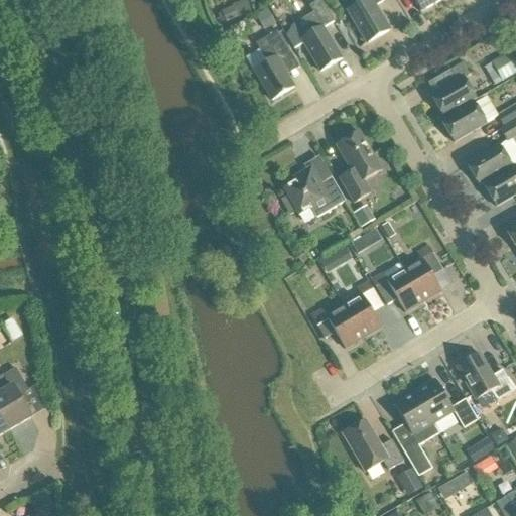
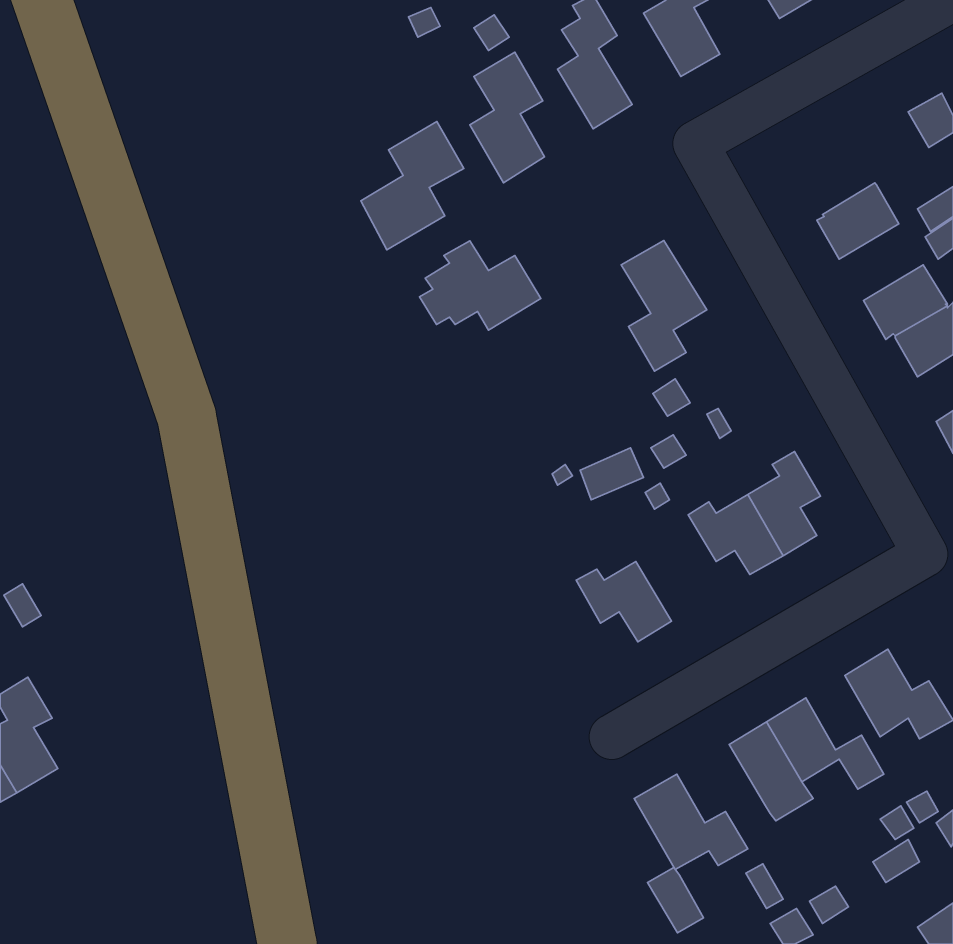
building: [431,59,476,116] -> none
building: none -> [361,121,464,250]
building: [280,167,346,216] -> [420,241,541,330]
building: [344,280,381,336] -> none
building: [402,439,432,475] -> [648,868,704,933]

